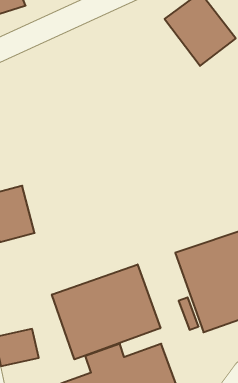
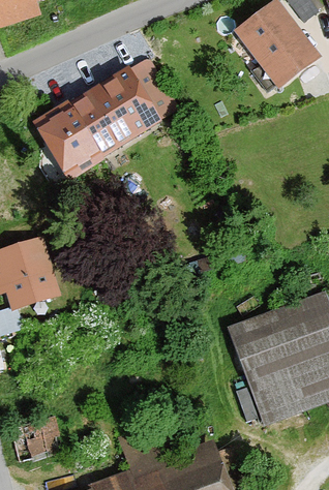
building: none -> [37,59,166,182]
building: [52,264,160,359] -> none

